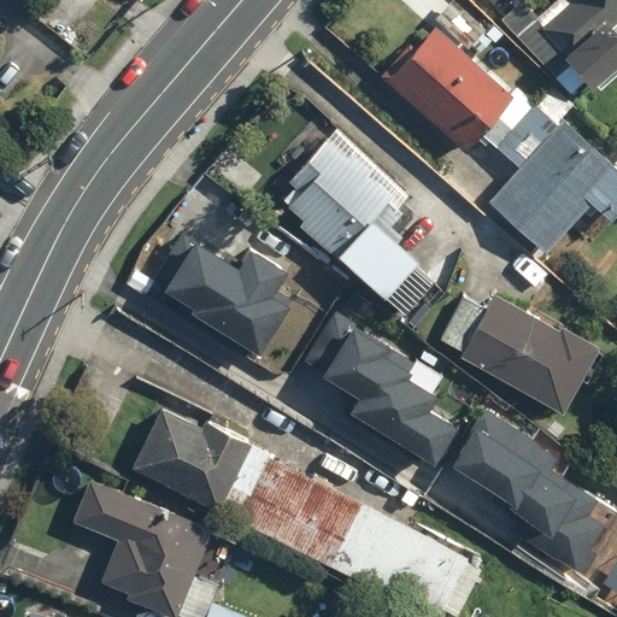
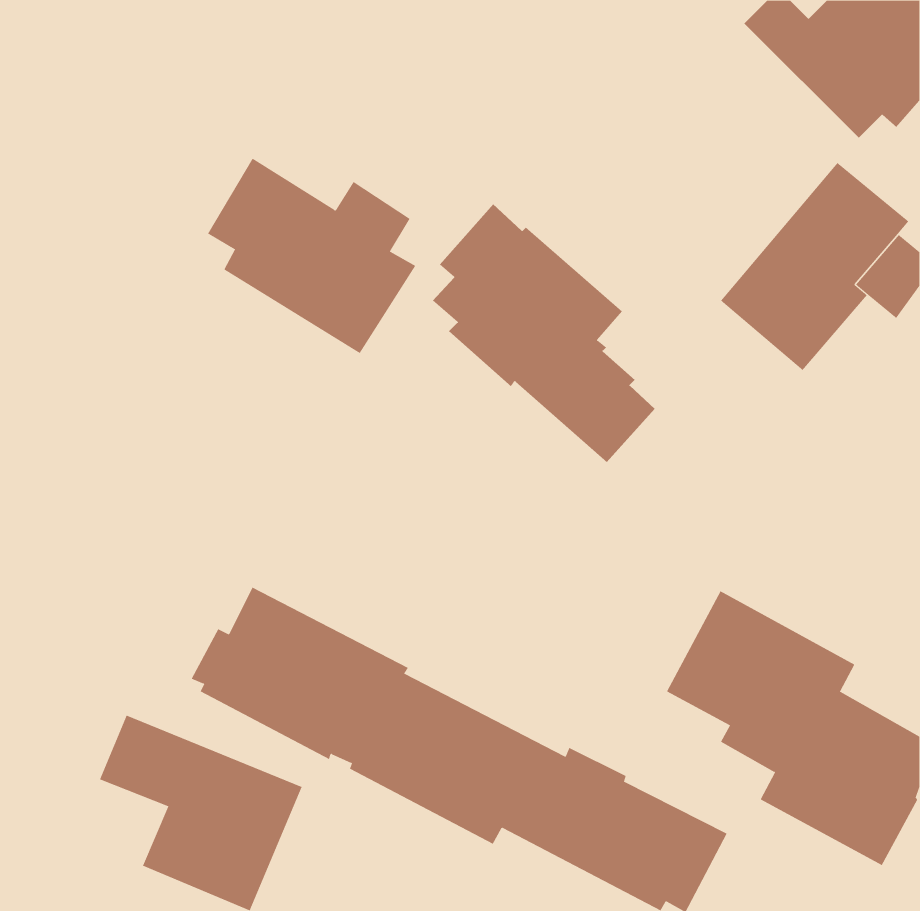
building: [388,28,517,166] -> none
building: [154,230,294,362] -> [207,158,416,354]
building: [441,294,604,416] -> none
building: [304,308,460,464] -> none

